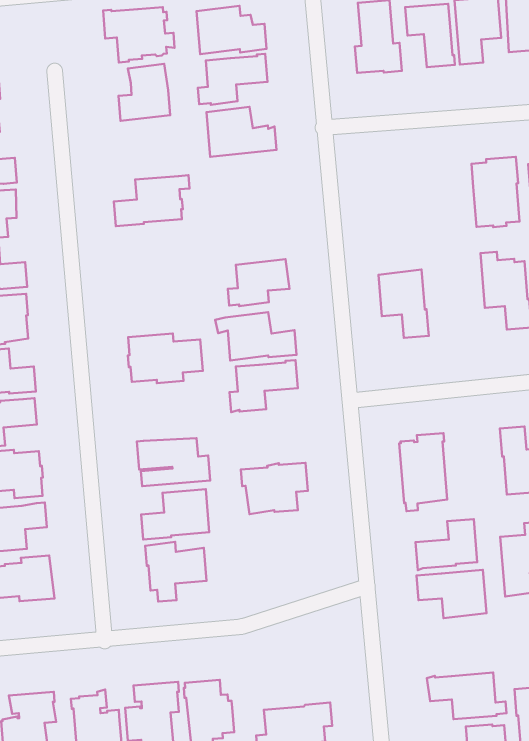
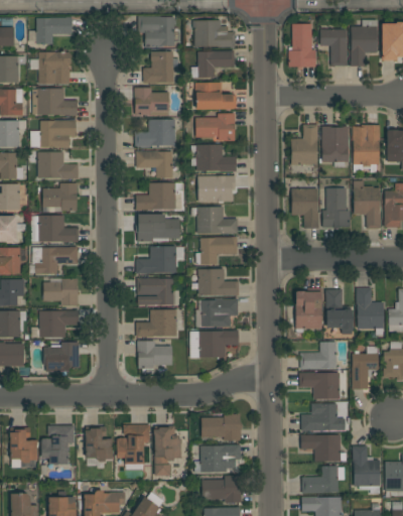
building: none -> [134,88,169,116]
building: none -> [195,114,235,141]
building: none -> [321,126,349,167]
building: none -> [291,125,317,165]
building: none -> [191,145,236,172]
building: none -> [136,151,173,178]
building: none -> [322,188,350,229]
building: none -> [136,183,183,211]
building: none -> [136,246,183,274]
building: none -> [197,269,239,296]
building: none -> [325,289,353,335]
building: none -> [189,331,239,358]
building: none -> [301,403,345,431]
building: none -> [202,413,242,441]

